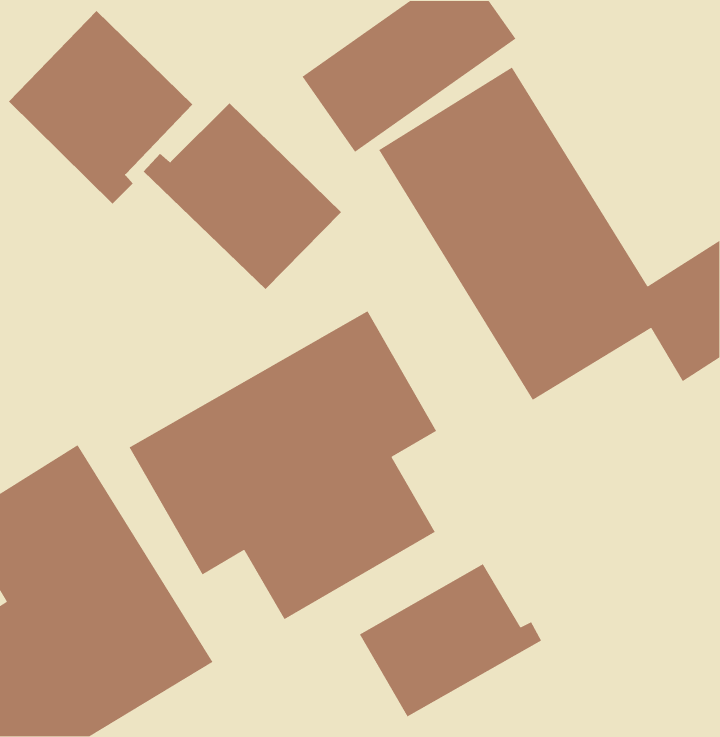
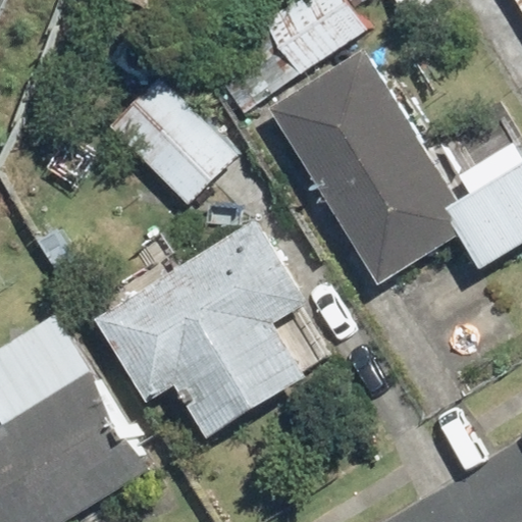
building: [8,10,193,204] -> none
building: [359,563,542,717] -> none

